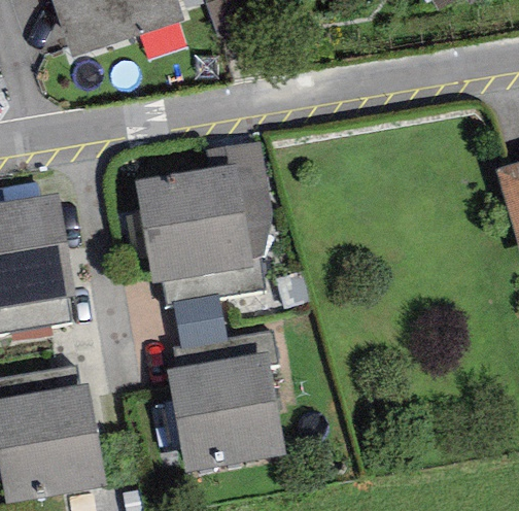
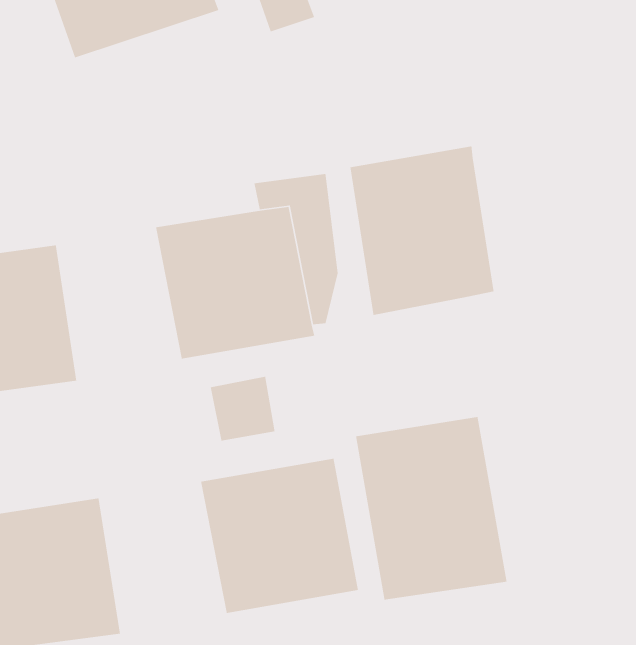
building: none -> [350,146,494,316]
building: none -> [355,416,507,600]

